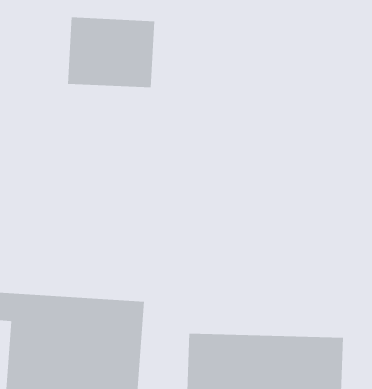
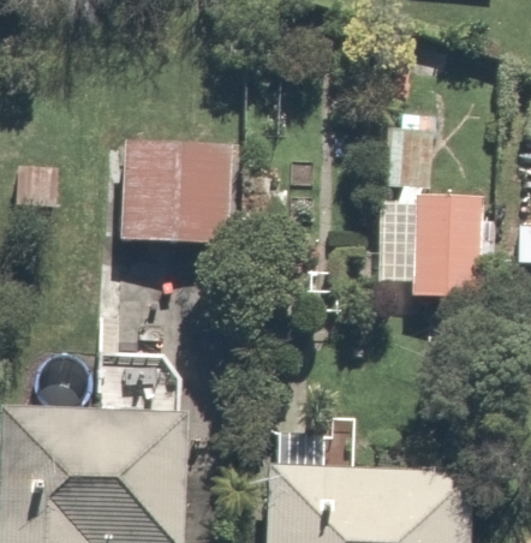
building: [67,17,155,88] -> [115,142,235,239]
building: none -> [377,192,489,296]

